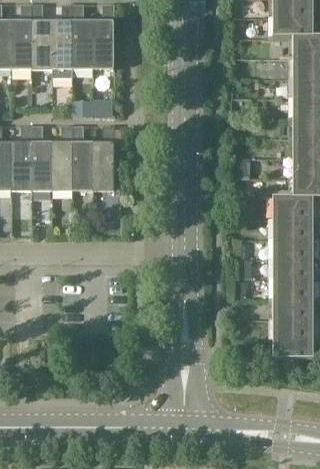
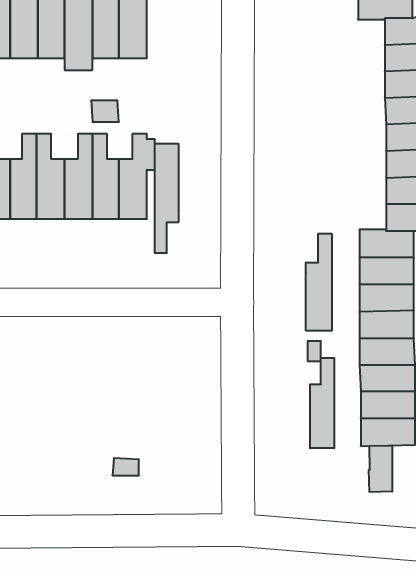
building: none -> [155,144,178,253]
building: none -> [306,234,332,331]
building: none -> [310,358,334,448]
building: none -> [369,445,392,492]

